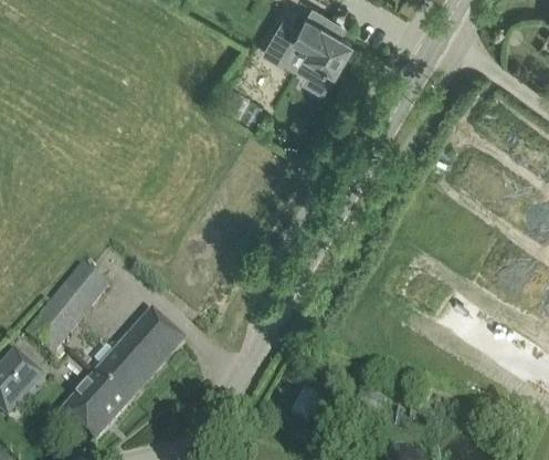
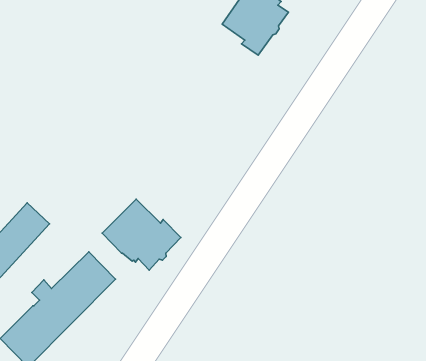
building: none -> [102,199,181,270]

